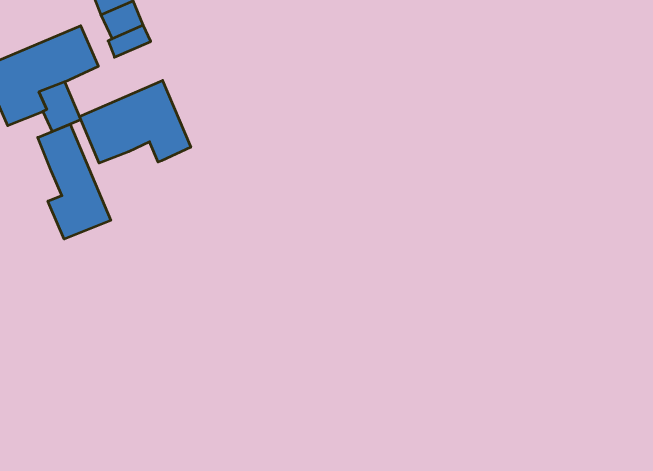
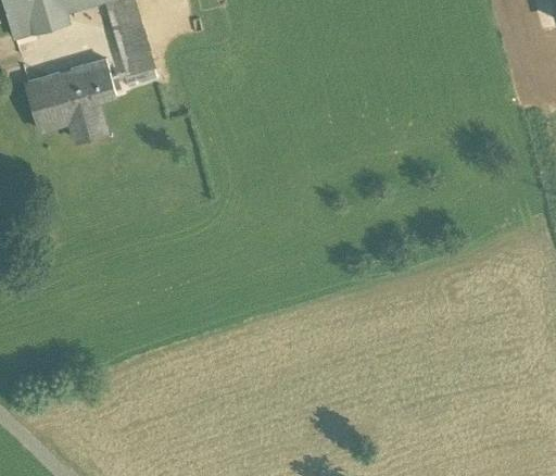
building: [79,80,191,163] -> none
building: [38,124,111,239] -> none

